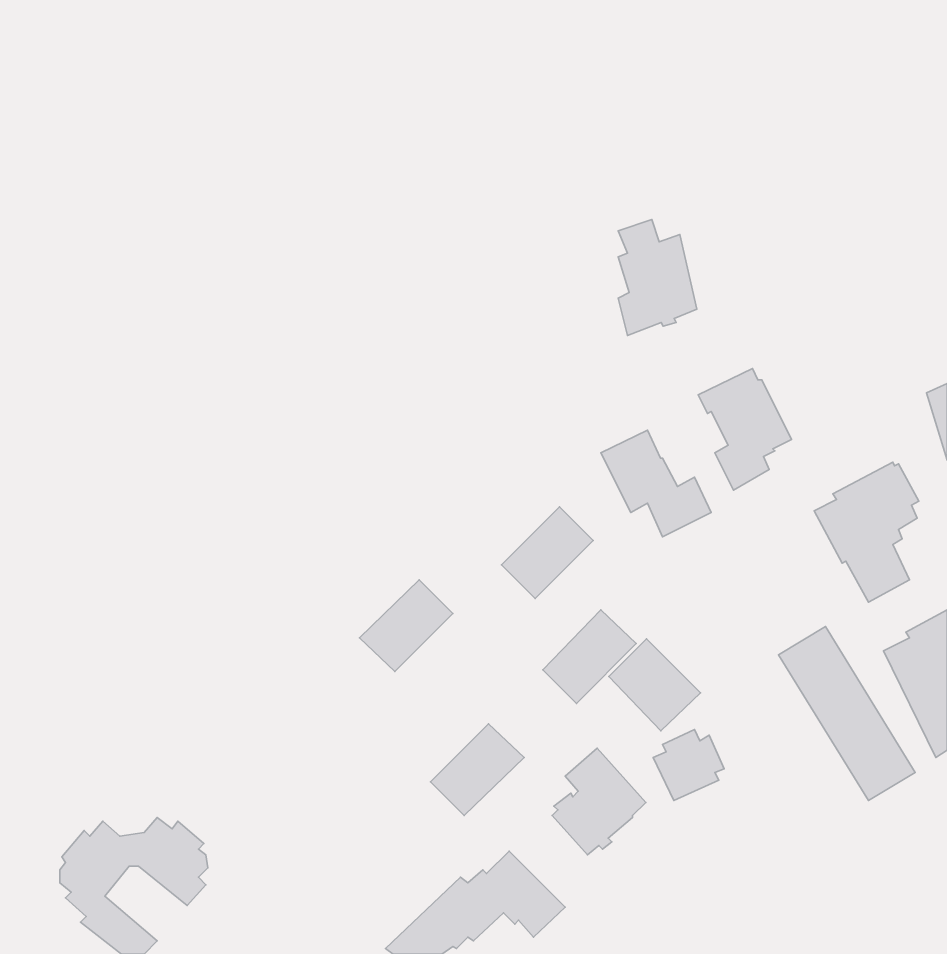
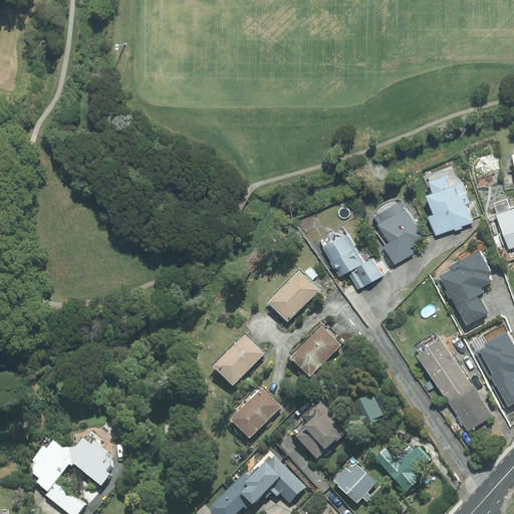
building: [618,220,697,336] -> [430,172,472,234]
building: [359,580,453,671] -> [214,336,264,386]
building: [609,639,701,731] -> none
building: none -> [374,446,429,493]
building: none -> [331,466,375,504]

